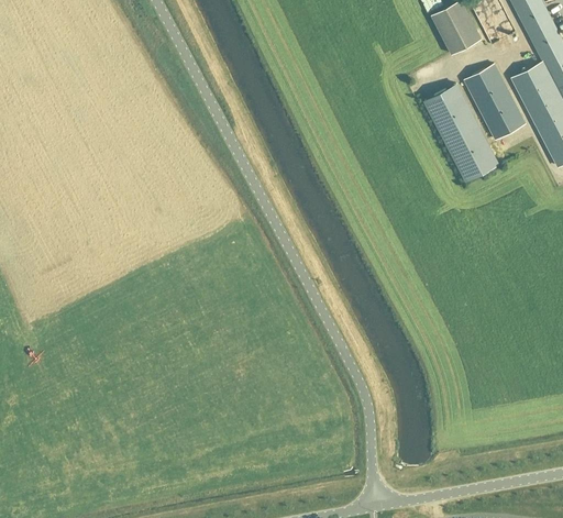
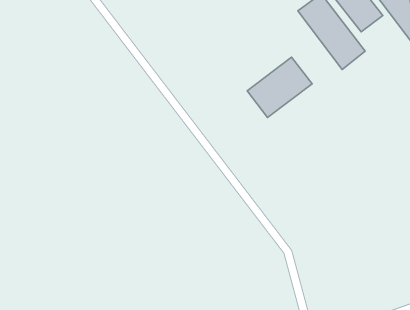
building: none -> [247,57,312,117]

